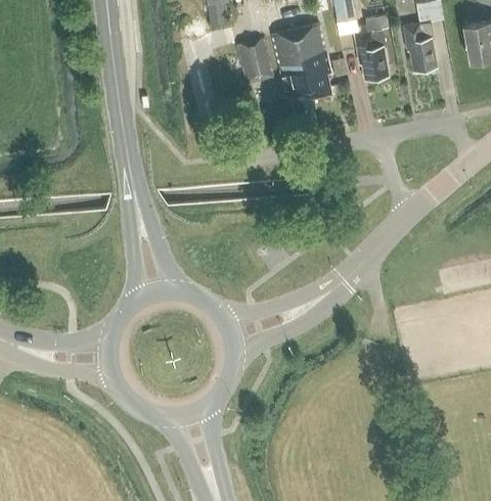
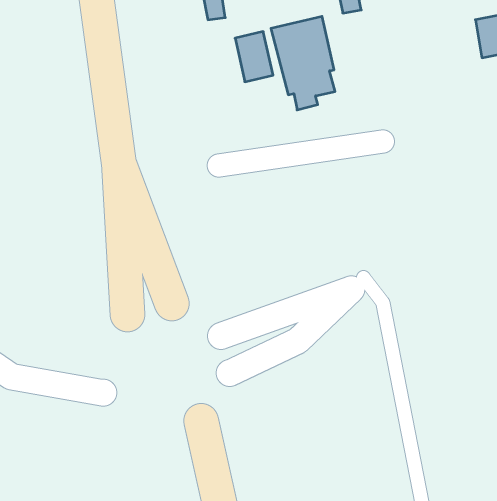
building: [355,14,388,78] -> none
building: [404,24,436,70] -> none

